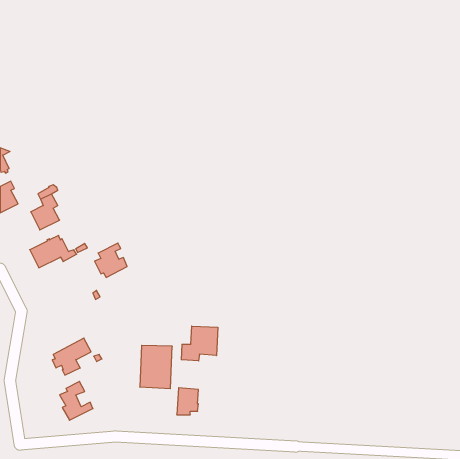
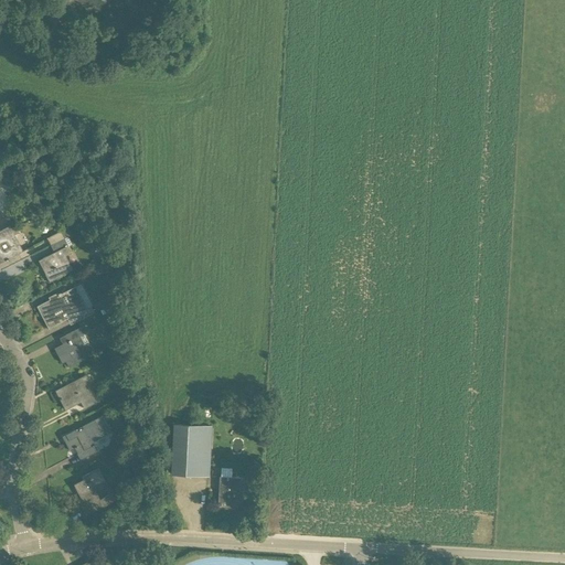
building: [95,243,127,277] -> [55,324,95,366]
building: none -> [55,373,99,409]
building: [181,326,218,361] -> none

